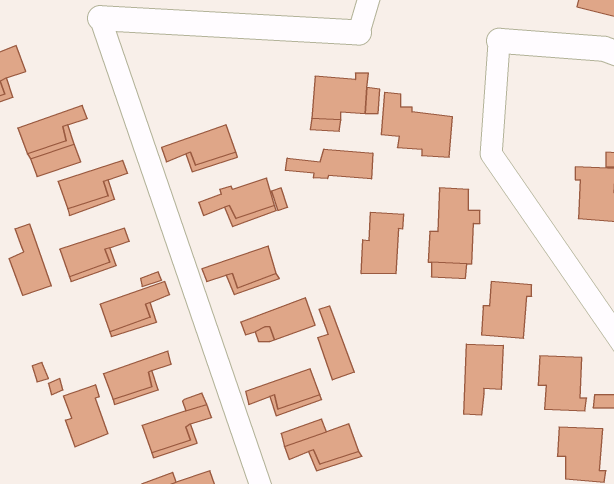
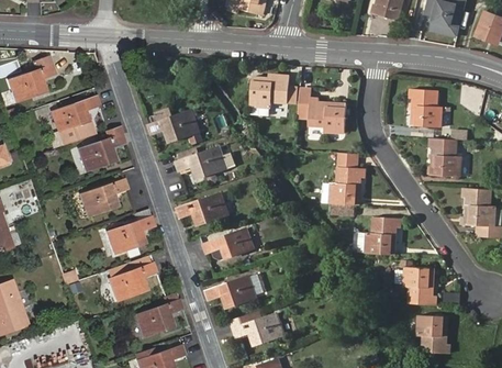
building: none -> [410,89,442,126]
building: [285,149,373,179] -> none
building: [361,212,404,274] -> none
building: [9,224,51,295] -> none
building: [318,306,354,380] -> none
building: [464,344,503,415] -> none
building: [63,385,108,447] -> none

